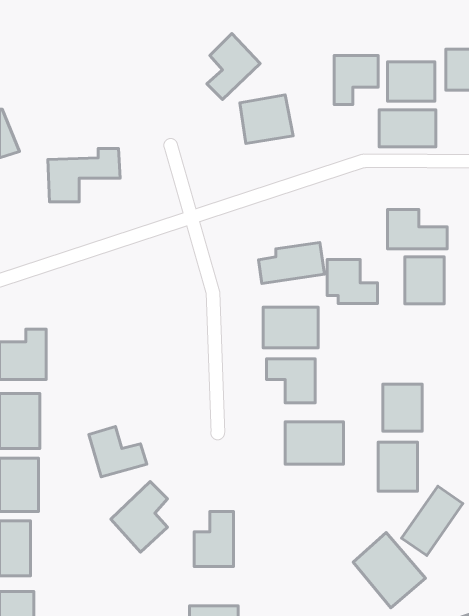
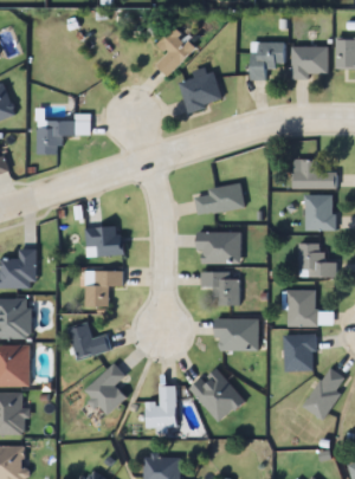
building: [379,110,436,147] -> none
building: [327,259,377,303] -> [299,242,337,276]
building: none -> [86,227,122,255]
building: none -> [85,271,123,308]
building: [353,532,425,608] -> [191,367,245,423]

